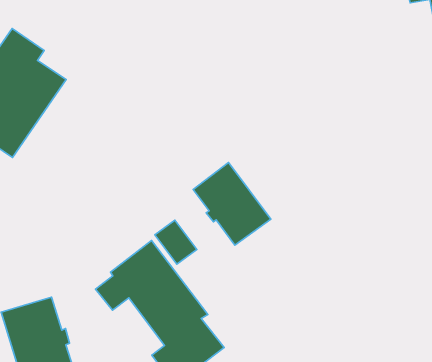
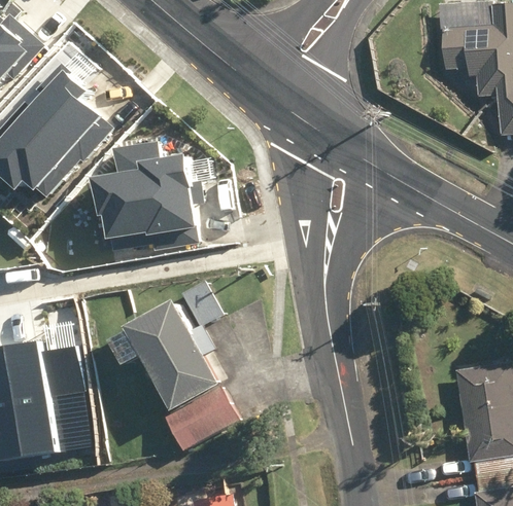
building: none -> [94,141,196,250]
building: [193,163,271,245] -> none

